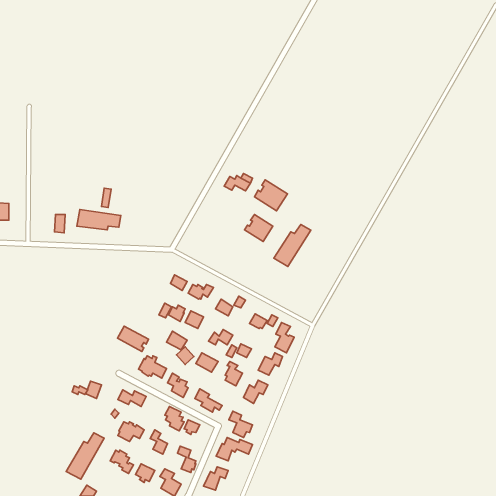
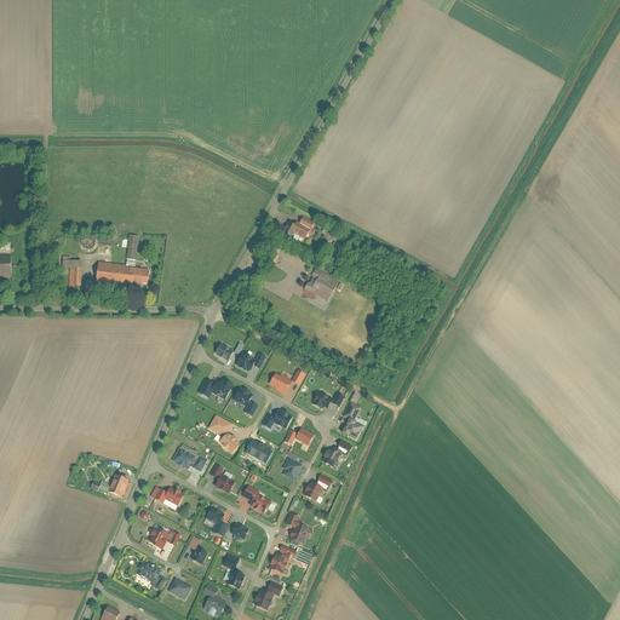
building: [254,180,287,211] -> none
building: [274,224,311,267] -> none
building: [117,326,148,351] -> none
building: [66,433,104,479] -> none

